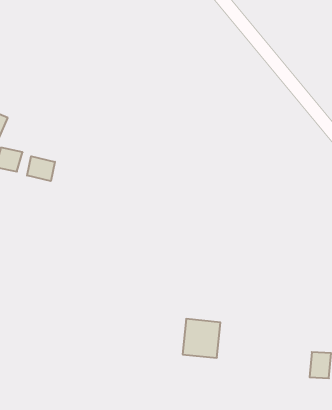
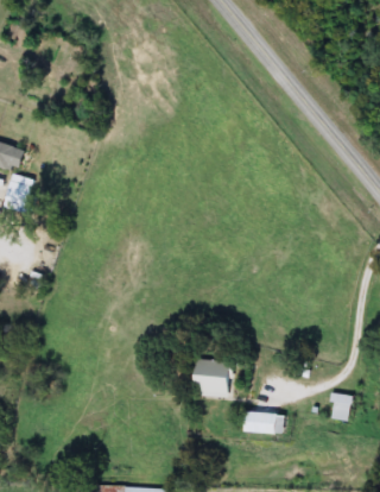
building: [27,156,55,181] -> none
building: none -> [245,412,285,434]

